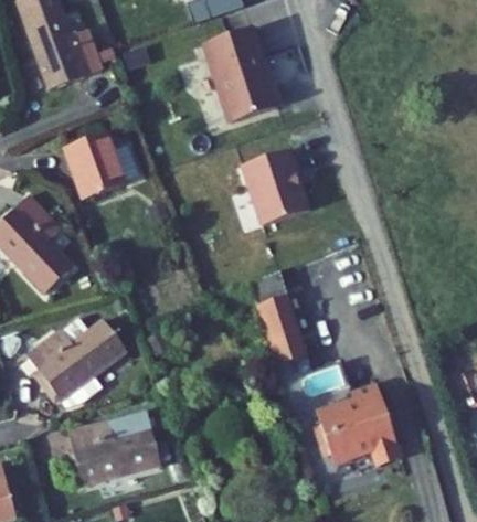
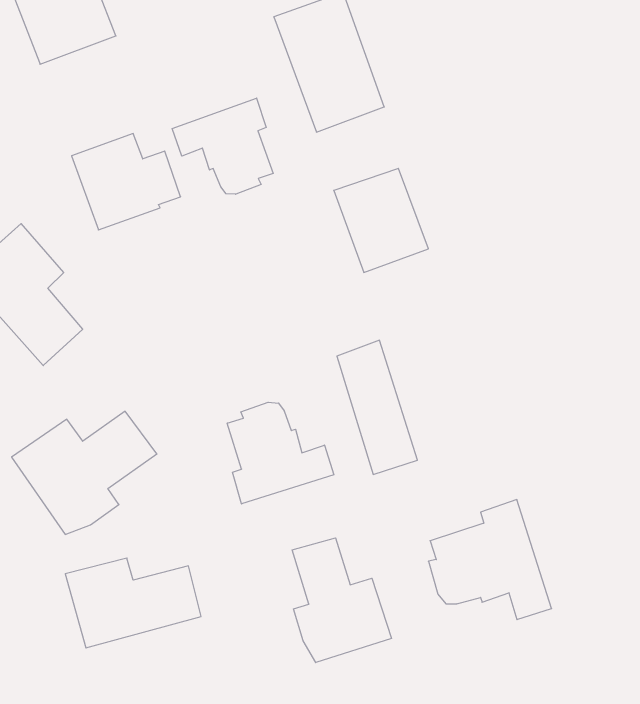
building: none -> [172,98,273,194]
building: none -> [227,402,334,504]
building: none -> [292,538,392,663]

